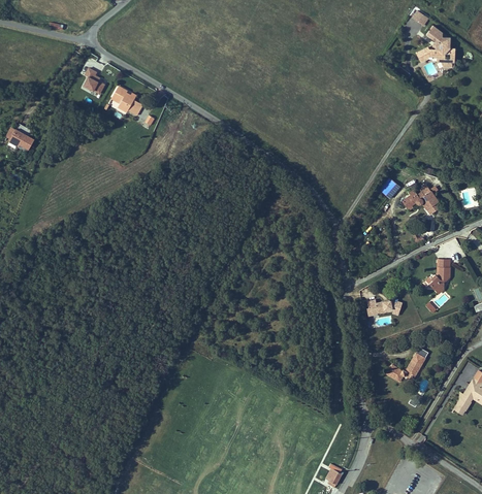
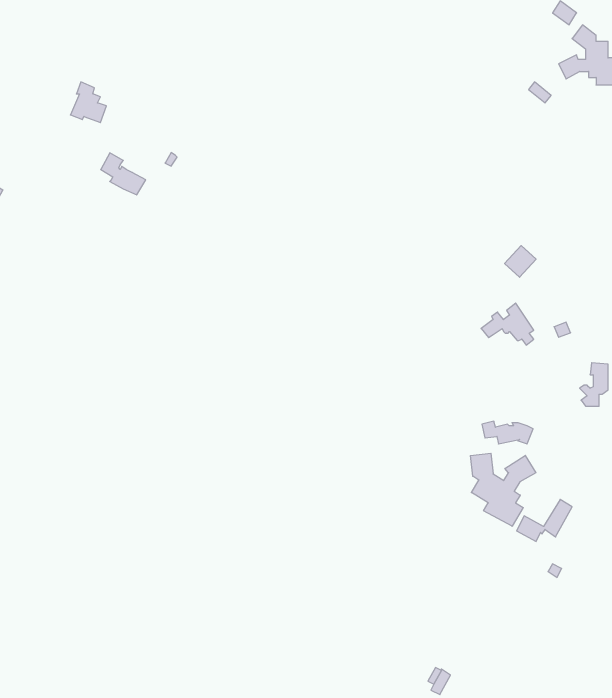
building: [113,85,143,113] -> [101,153,146,195]
building: [403,183,439,211] -> [481,303,534,345]
building: none -> [470,453,536,526]

